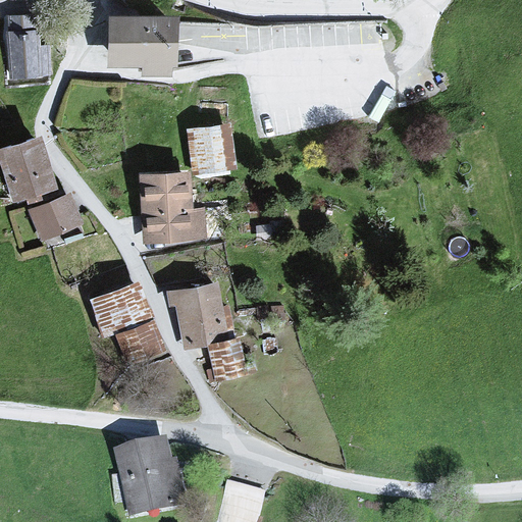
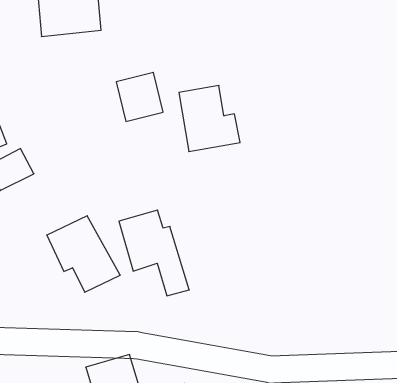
building: [142,170,206,243] -> [179,85,240,152]

